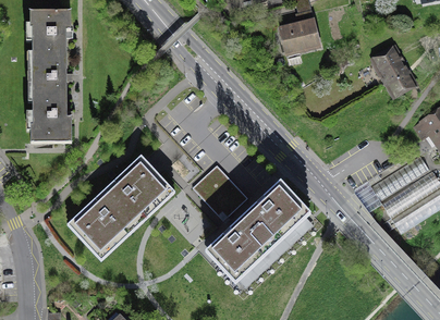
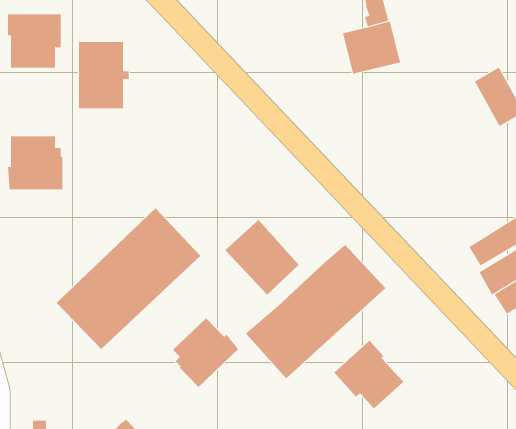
building: [33,51,71,101] -> [78,41,130,109]
building: none -> [172,317,239,388]
building: none -> [333,340,404,409]

